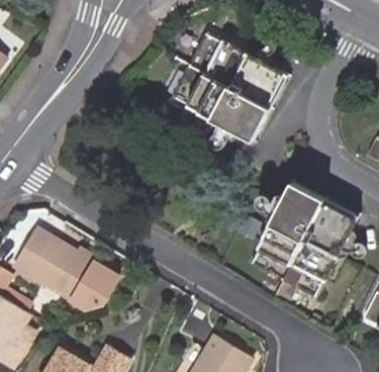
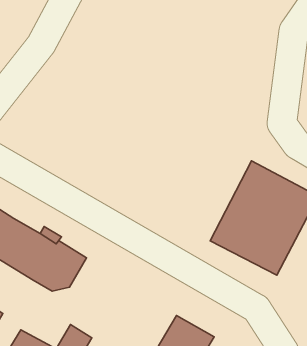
building: [169,31,288,143] -> none

